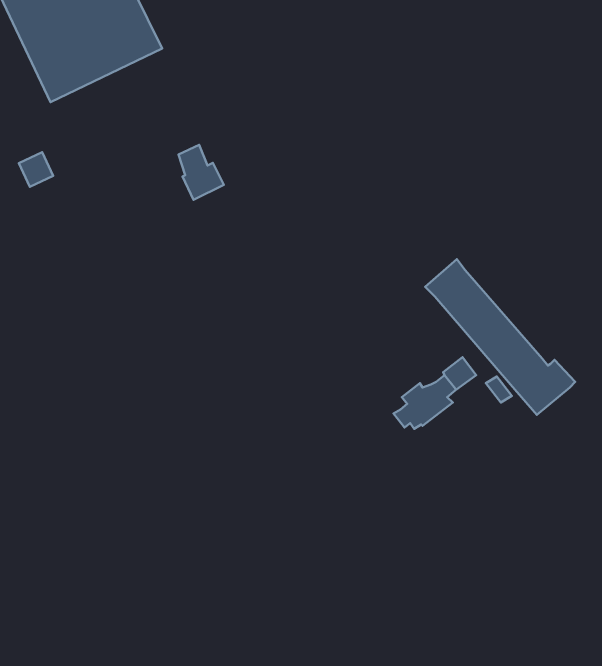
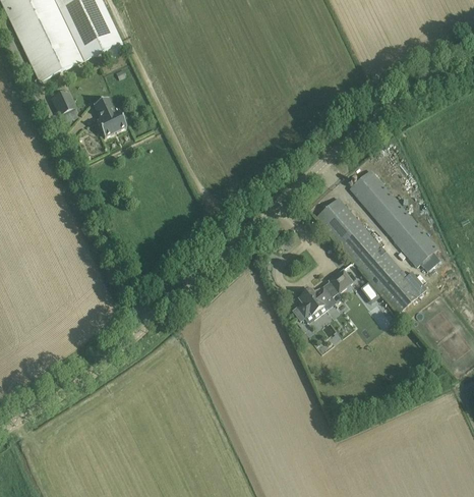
building: [178,145,224,200] -> [93,96,126,136]
building: [19,152,53,187] -> [50,89,75,114]
building: none -> [349,169,438,270]

